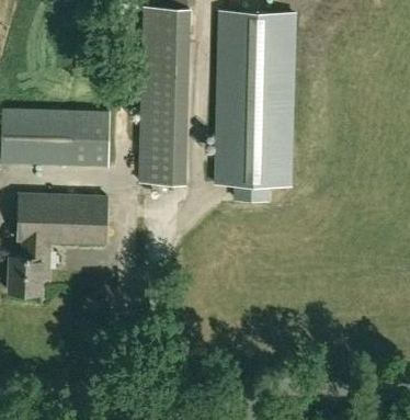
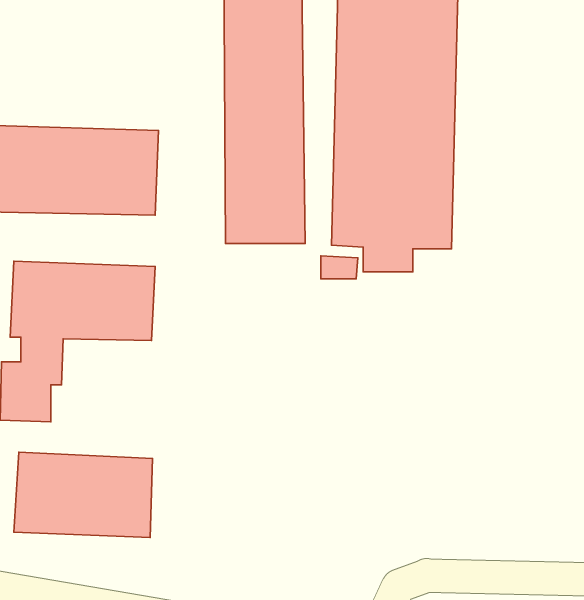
building: none -> [14,452,152,537]

